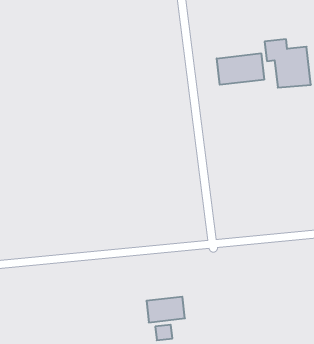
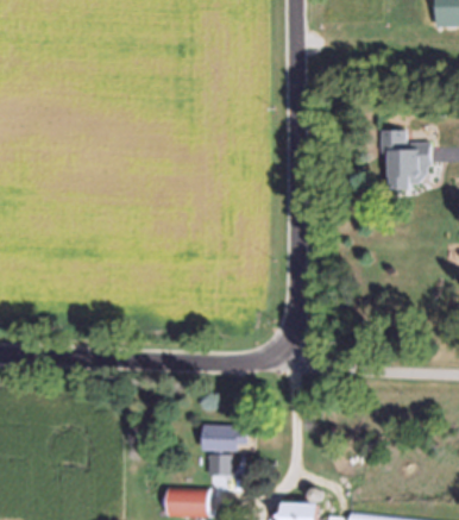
building: [217,53,264,85] -> none

